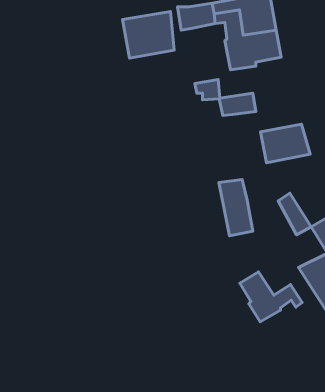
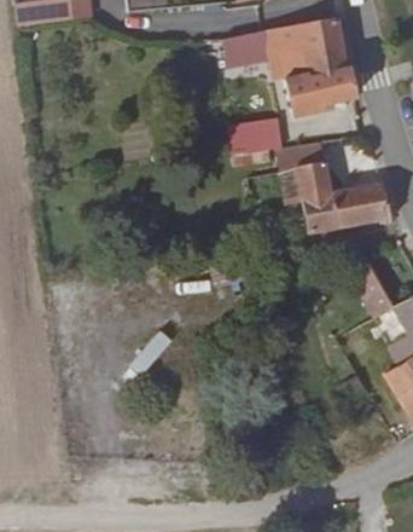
building: [123,11,174,58] -> none
building: [219,180,253,236] -> [293,164,336,235]
building: [240,272,302,322] -> none

